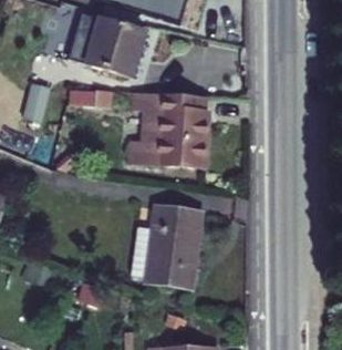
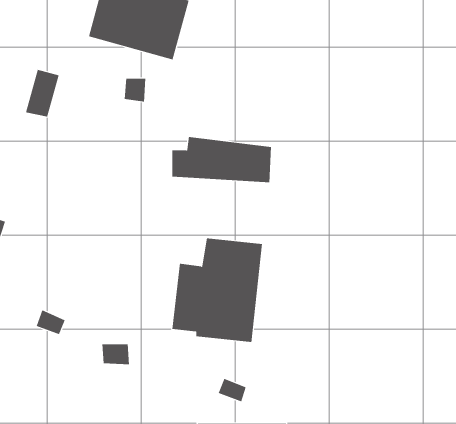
building: [133,90,206,140] -> none

